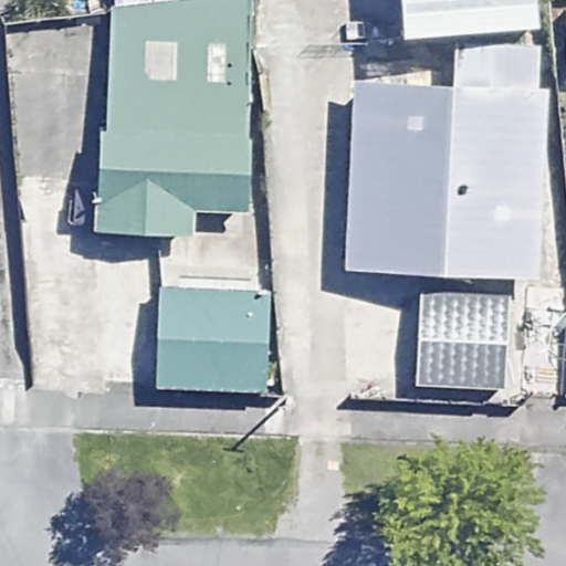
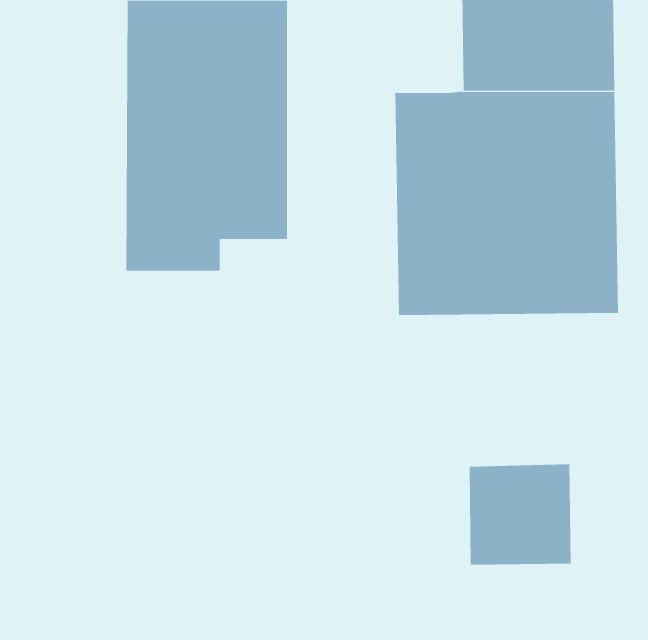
building: [165,292,269,392] -> none
building: [420,292,510,380] -> [469,464,571,565]

